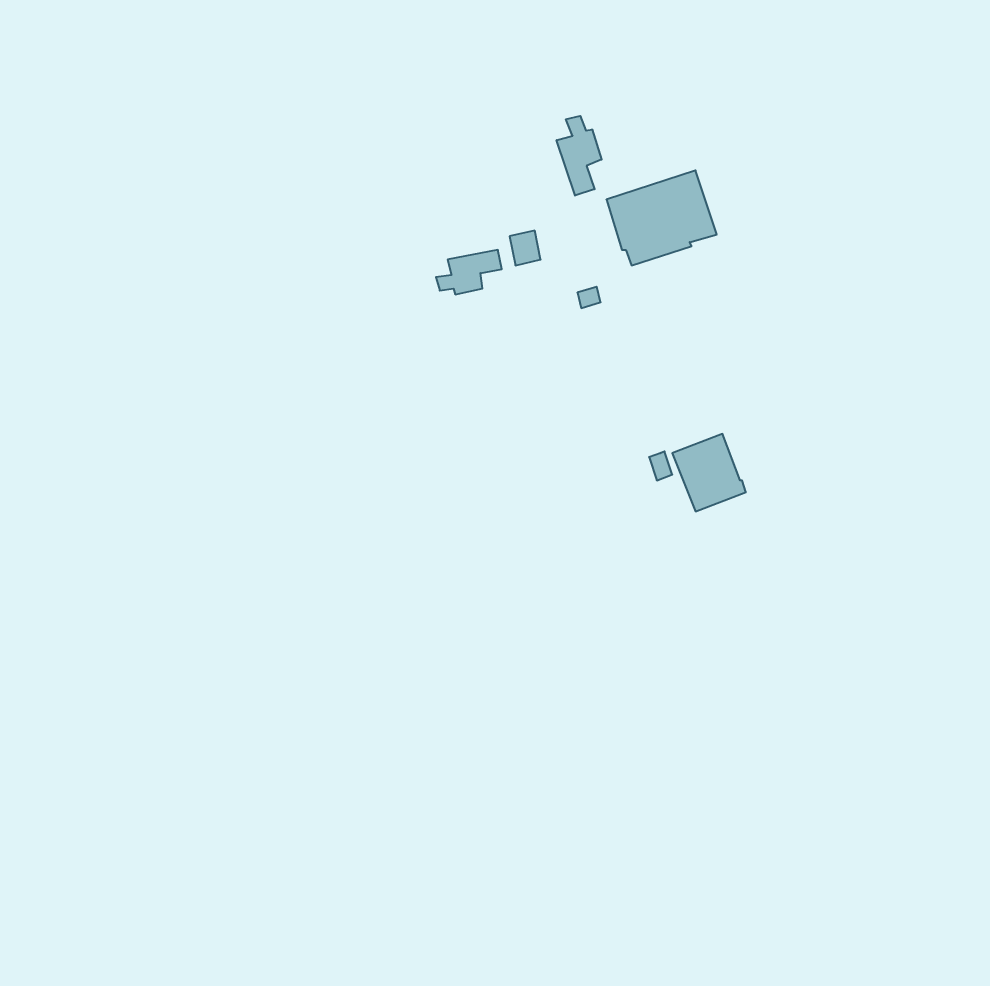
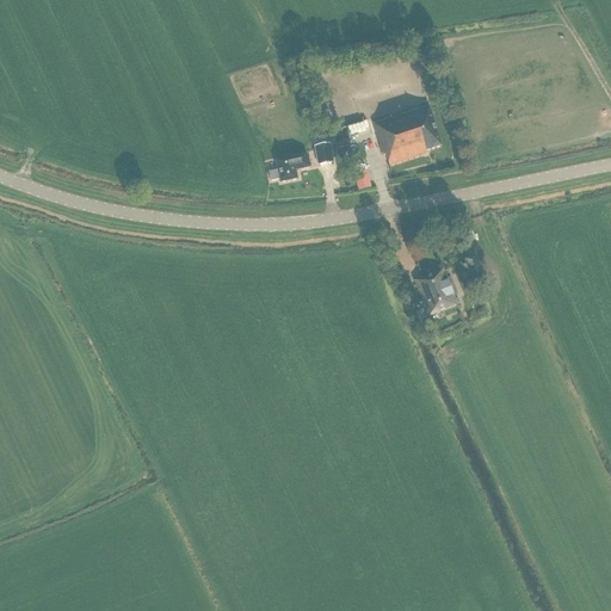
building: [557,116,602,196] -> none

